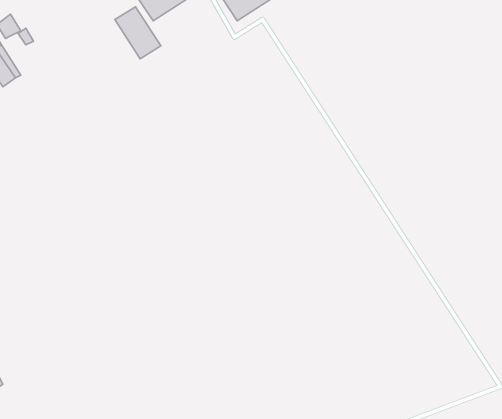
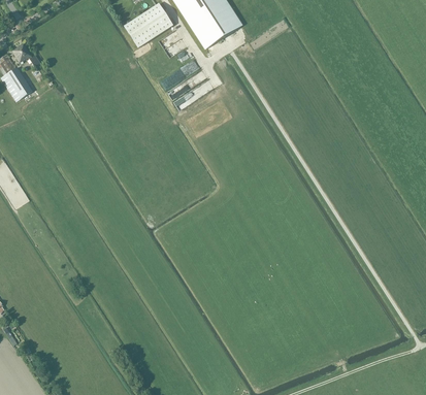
building: [115,7,161,59] -> none

